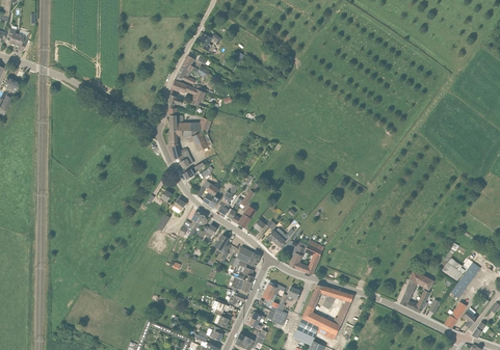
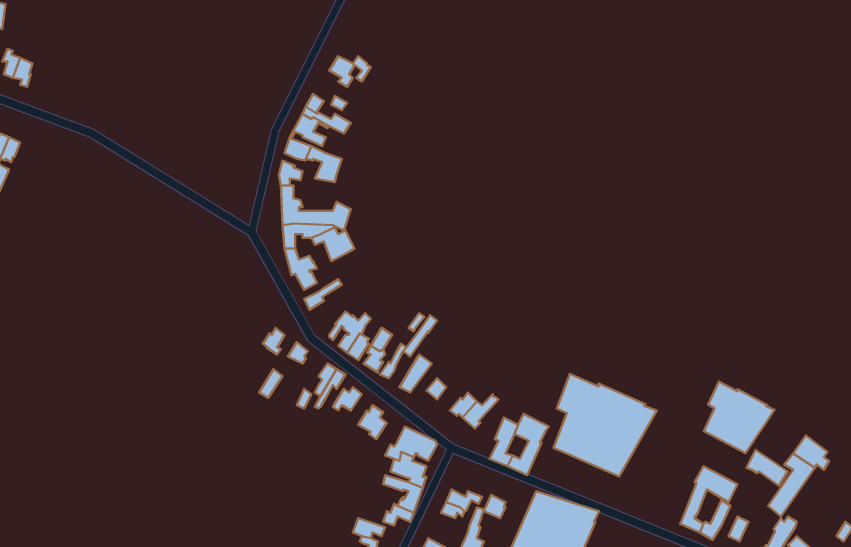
building: none -> [554,374,657,476]
building: none -> [704,382,774,453]

